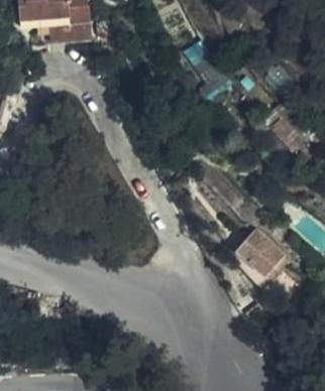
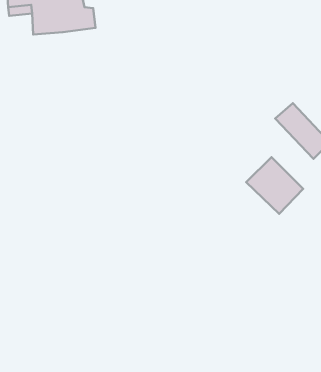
building: [236,225,289,277] -> [246,157,303,214]

